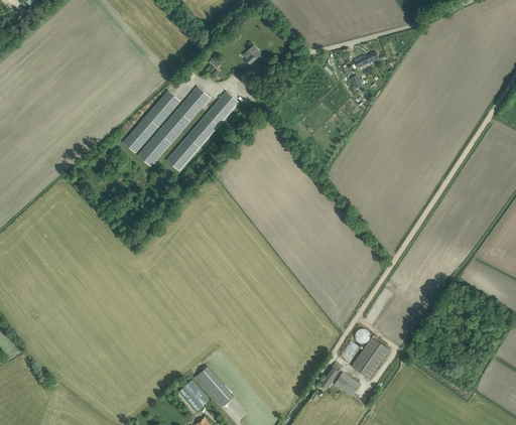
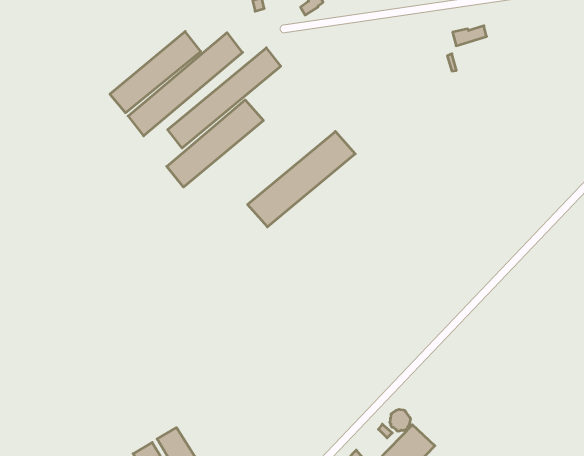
building: none -> [167,100,263,187]
building: none -> [248,131,355,227]

